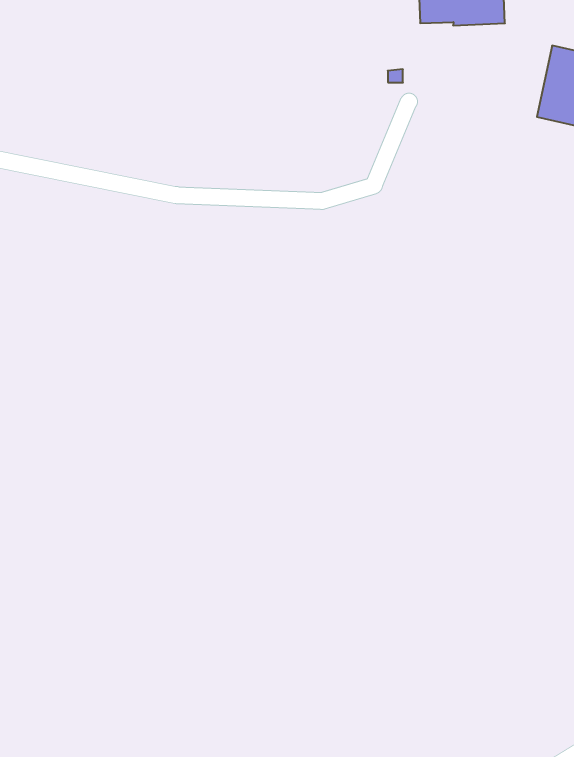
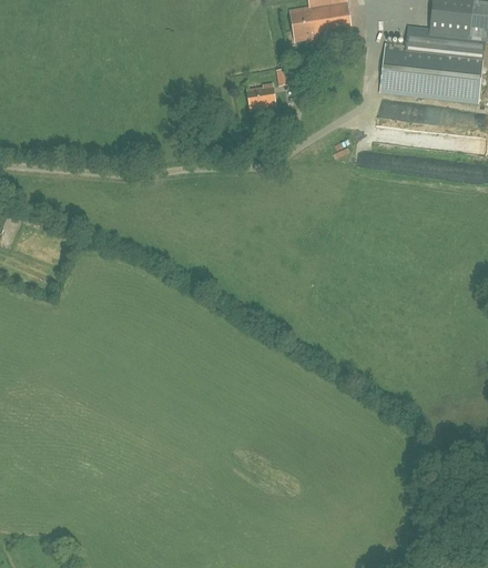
building: none -> [246,84,274,106]

